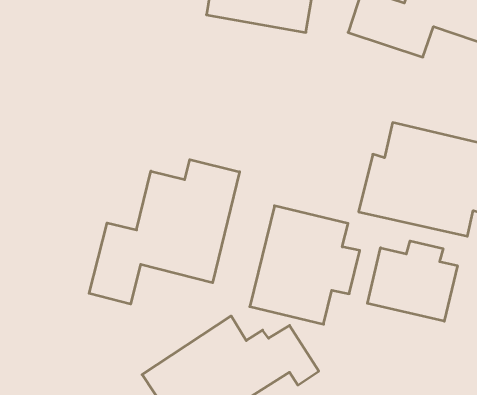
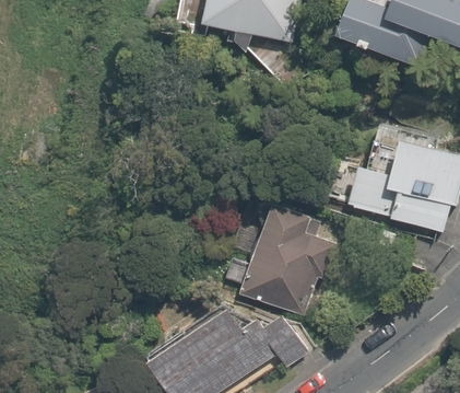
building: [89,160,240,304] -> none
building: [367,241,457,321] -> none

